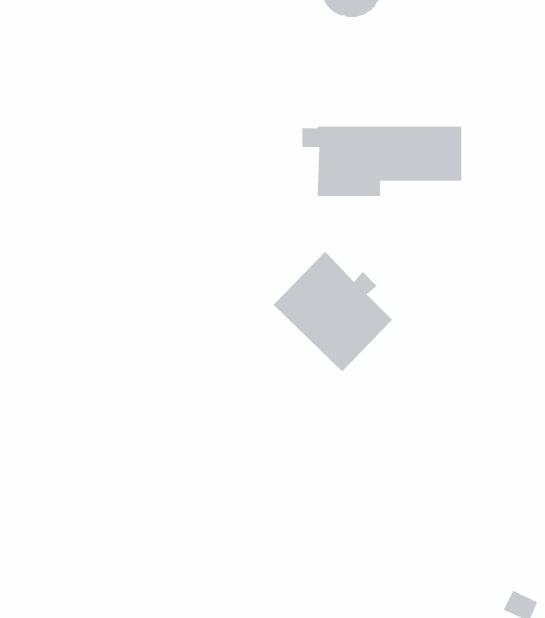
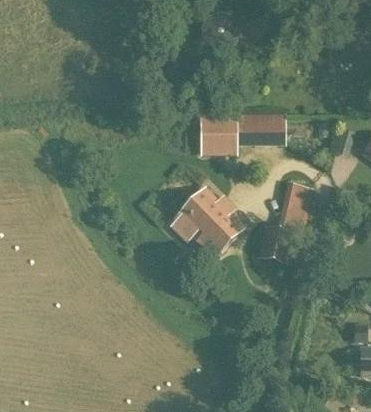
building: none -> [258,180,315,262]

